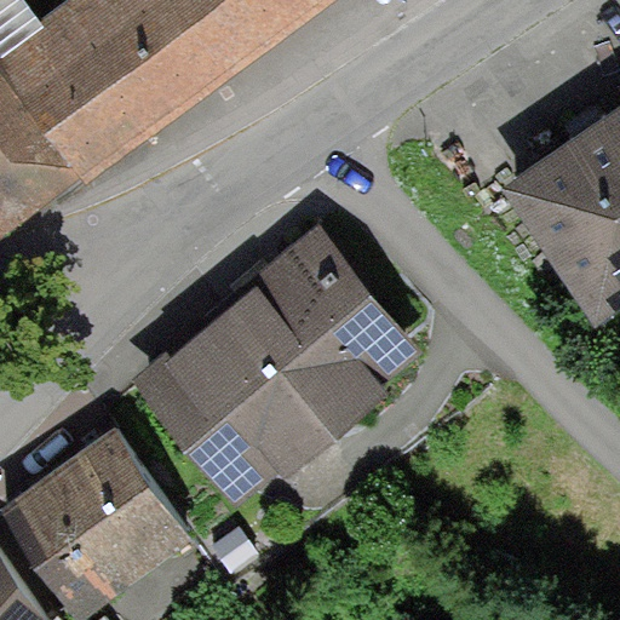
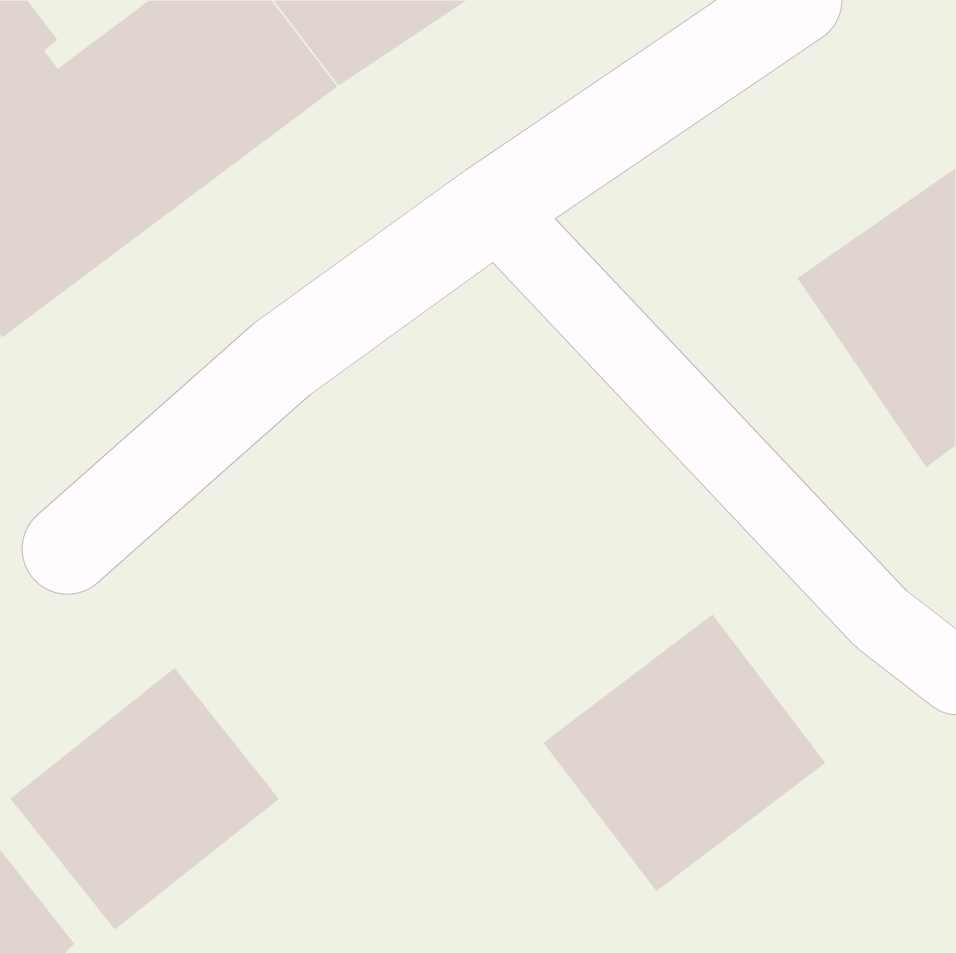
building: [163,247,401,470] -> none
building: none -> [543,614,826,892]

